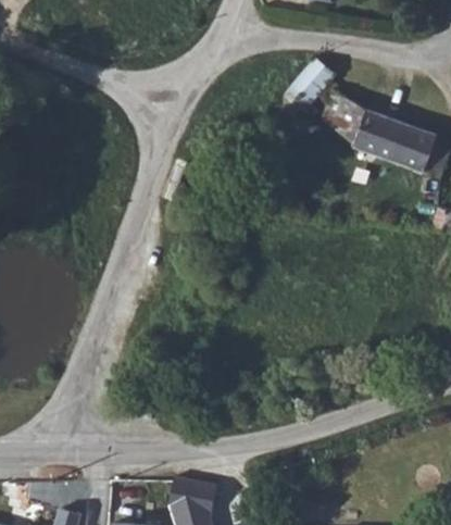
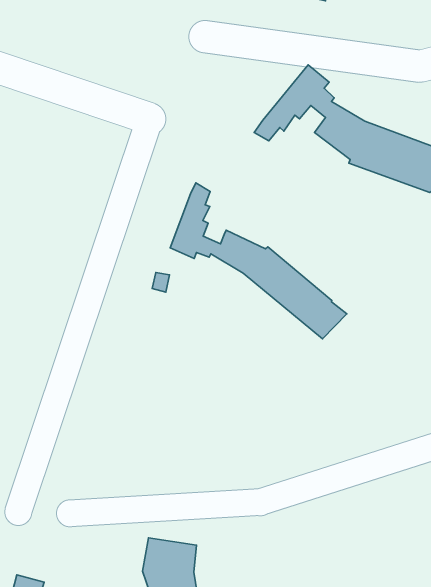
building: none -> [170,183,347,339]

